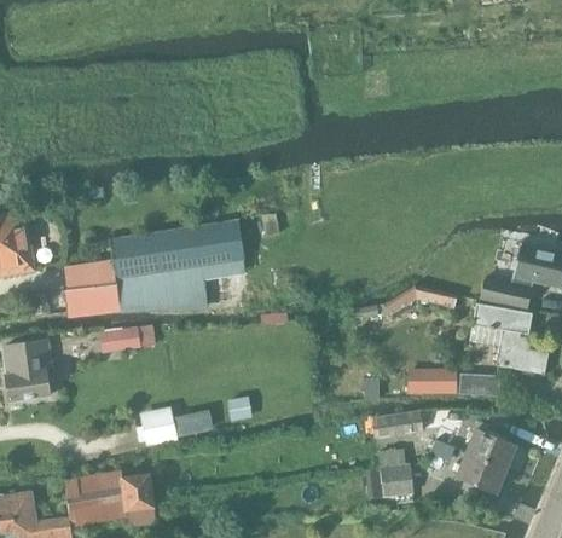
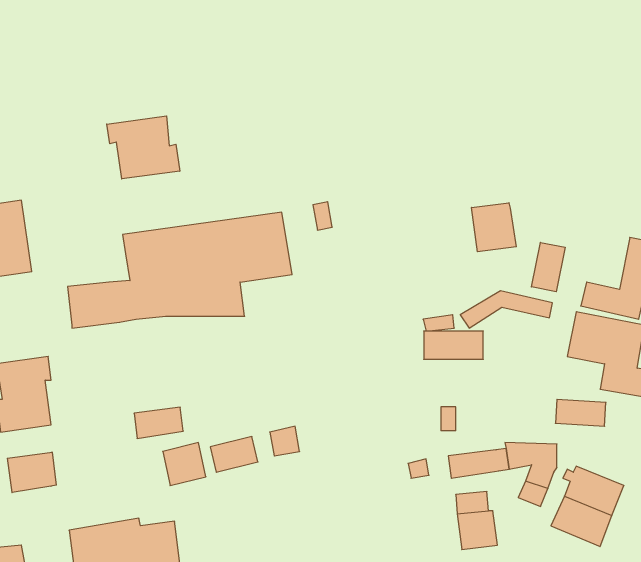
building: none -> [107,116,180,179]
building: none -> [472,203,516,252]
building: none -> [531,242,565,292]
building: [100,325,140,351] -> [134,407,183,438]
building: [407,370,456,393] -> [424,331,483,359]
building: none -> [7,452,56,493]

